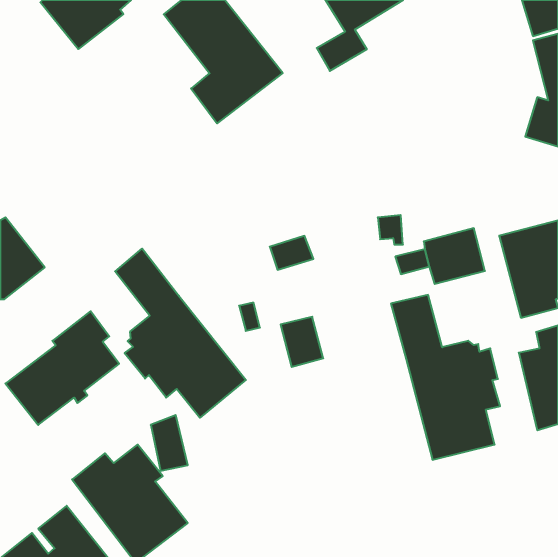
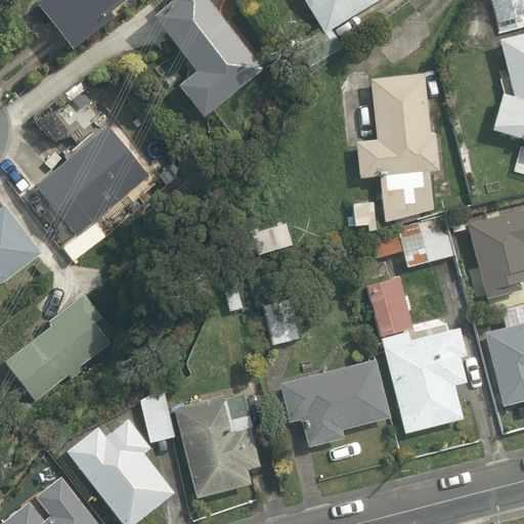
building: none -> [357,74,439,222]
building: none -> [38,127,149,234]
building: [115,249,246,418] -> none
building: none -> [279,358,392,446]
building: none -> [175,393,262,496]

